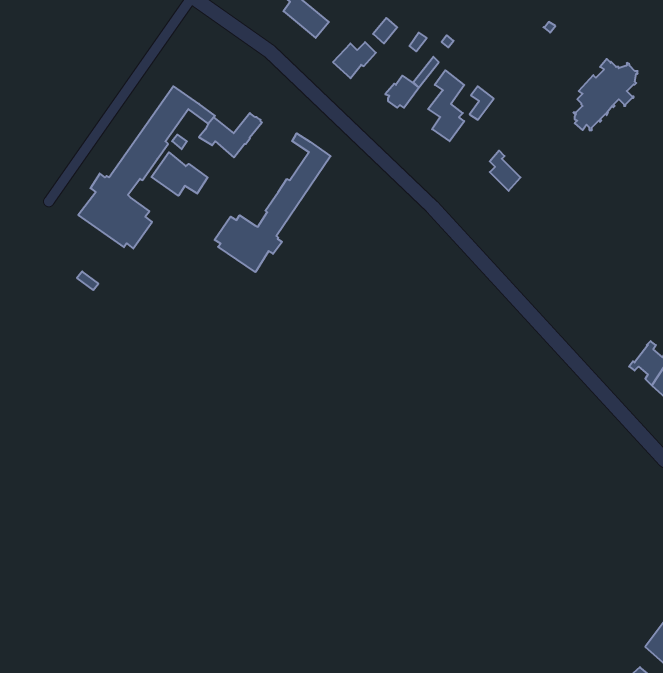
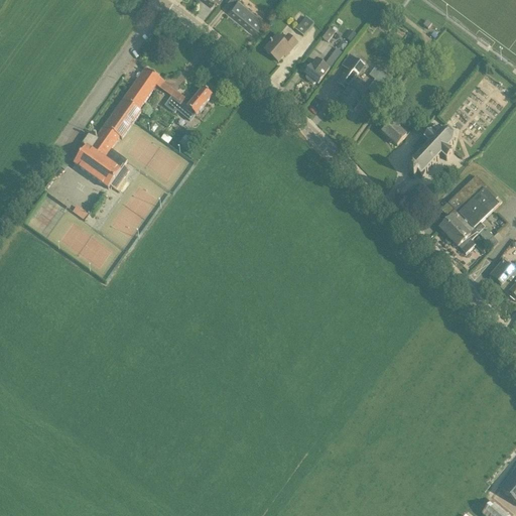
building: [573,59,638,130] -> [407,122,456,175]
building: [215,133,331,272] -> none
building: [151,152,208,196] -> none
building: none -> [438,174,501,252]

